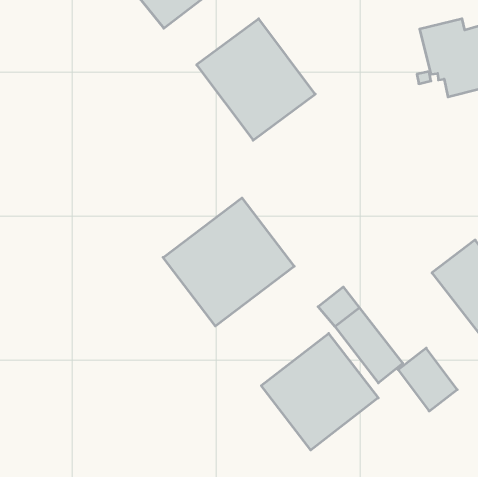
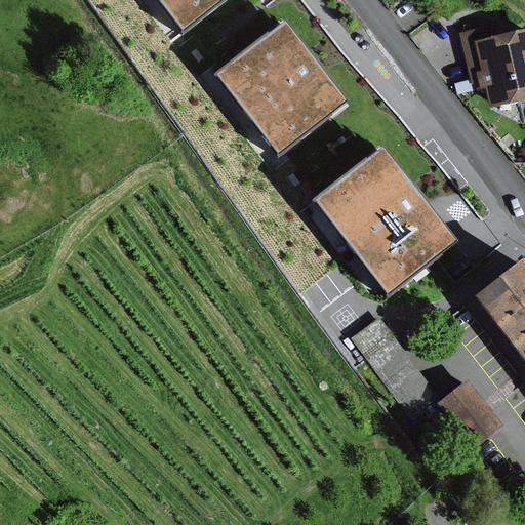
building: none -> [313,146,456,295]
building: [163,198,294,326] -> none
building: [261,333,378,450] -> none

